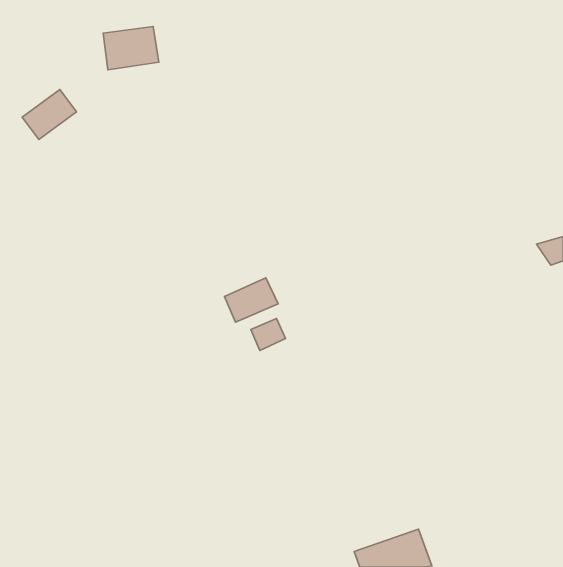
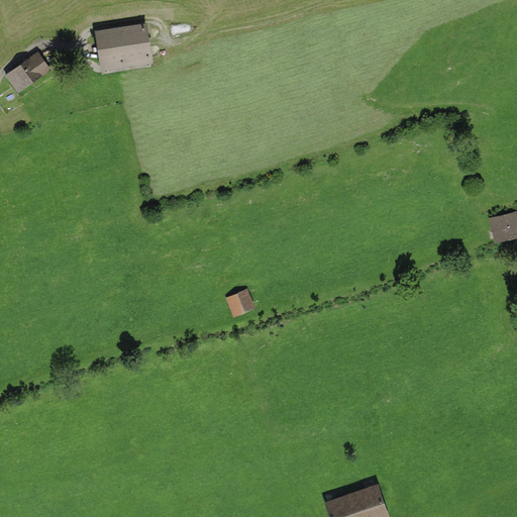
building: [22,90,77,139] -> [4,49,54,95]
building: [224,278,278,322] -> none

